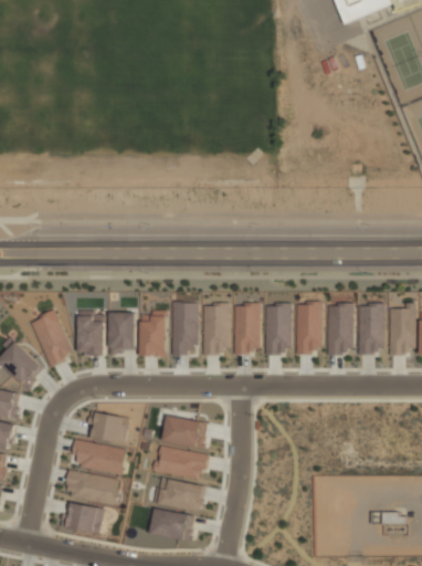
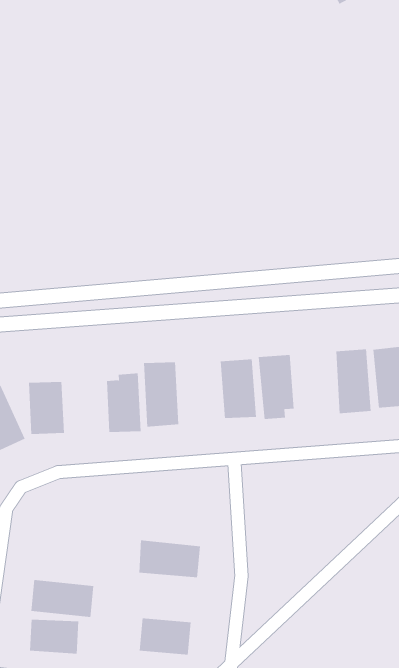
building: [295,304,323,353] -> none
building: [202,305,229,354] -> none
building: [108,313,136,356] -> none
building: [89,412,126,443] -> none
building: [163,418,207,448] -> none
building: [72,440,127,475] -> none
building: [155,479,204,512] -> none

